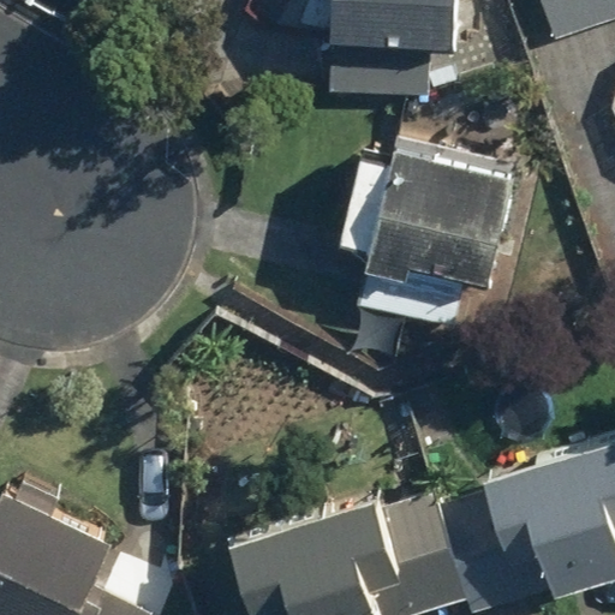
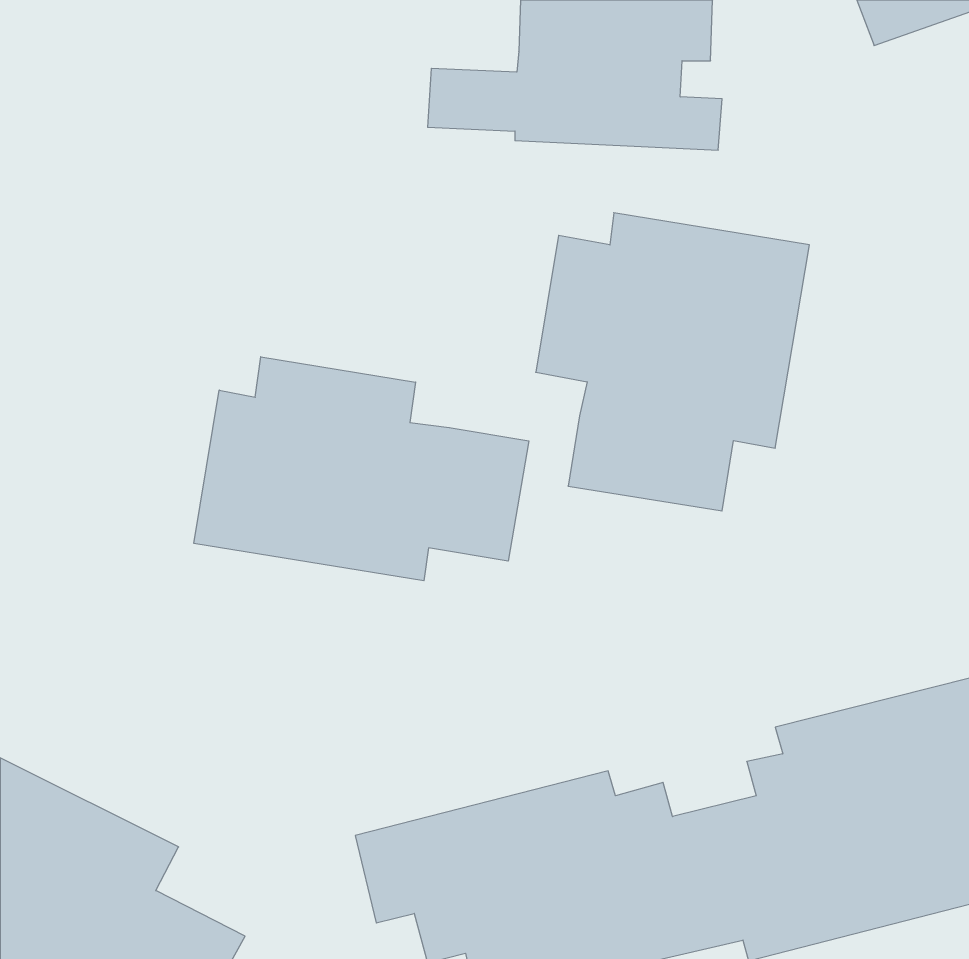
building: none -> [194,357,529,581]

